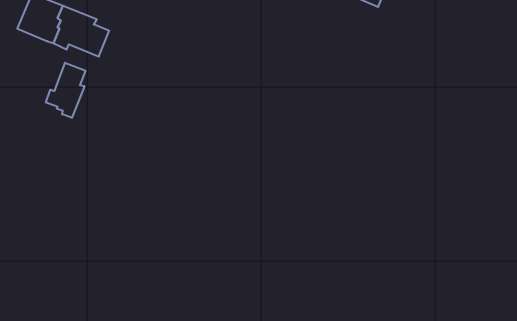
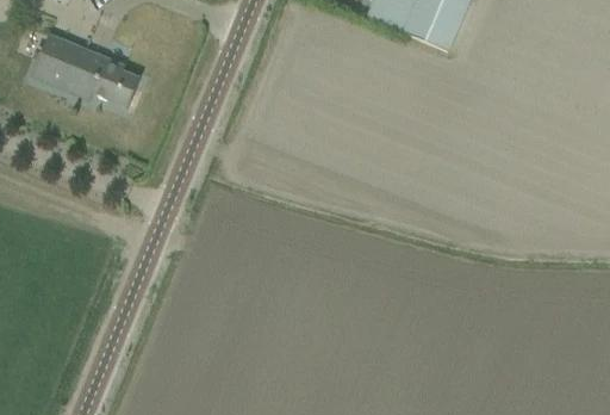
building: [46,63,85,118] -> none

